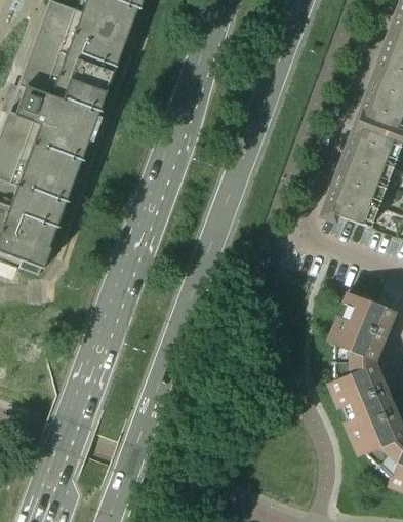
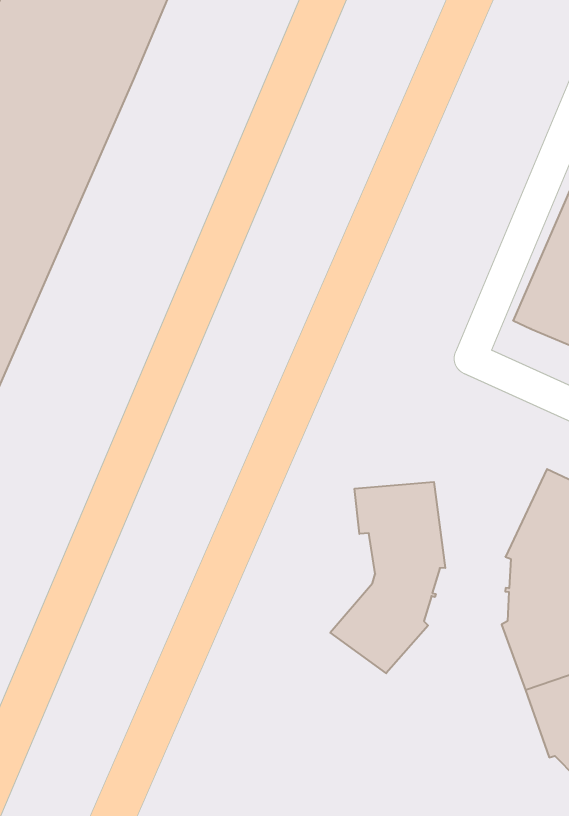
building: none -> [330,482,445,673]

